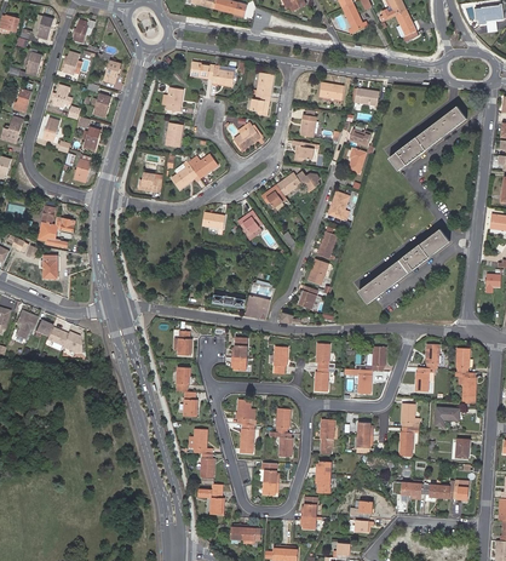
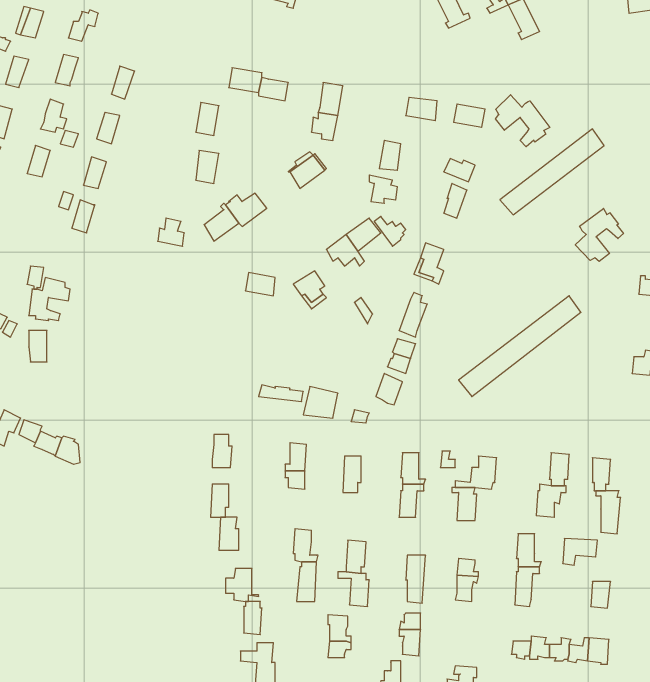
building: none -> [496,95,550,147]
building: none -> [575,208,623,261]

